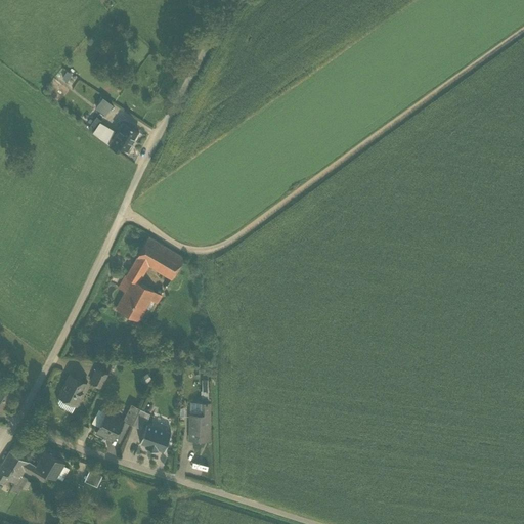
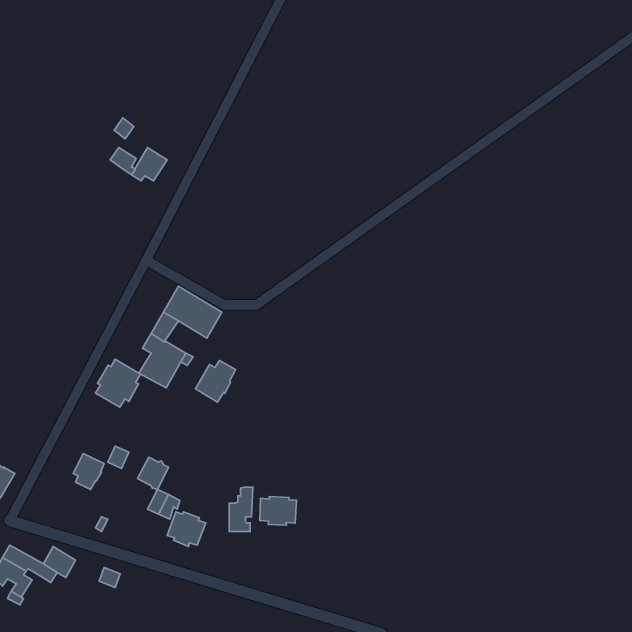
building: none -> [95,359,141,407]
building: none -> [195,360,235,402]
building: none -> [260,496,297,525]
building: [96,413,122,440] -> [138,457,169,489]

